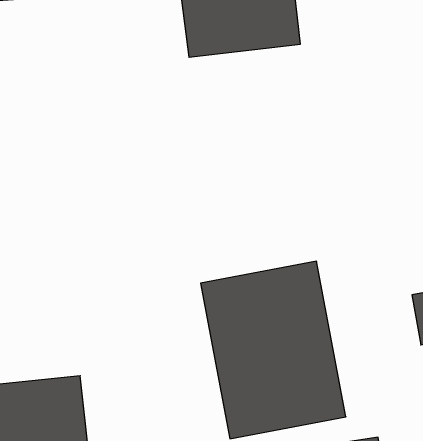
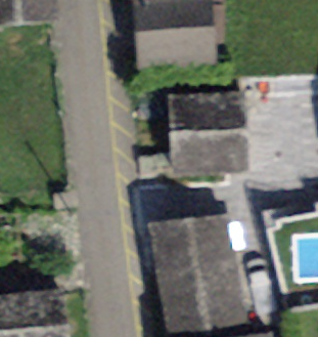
building: none -> [163,88,247,178]

